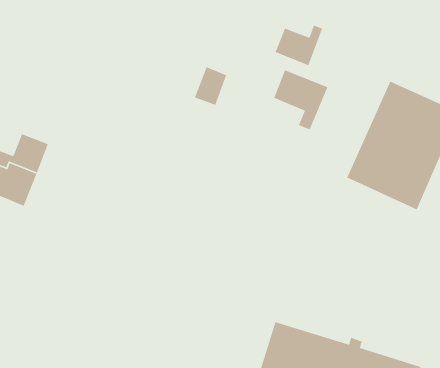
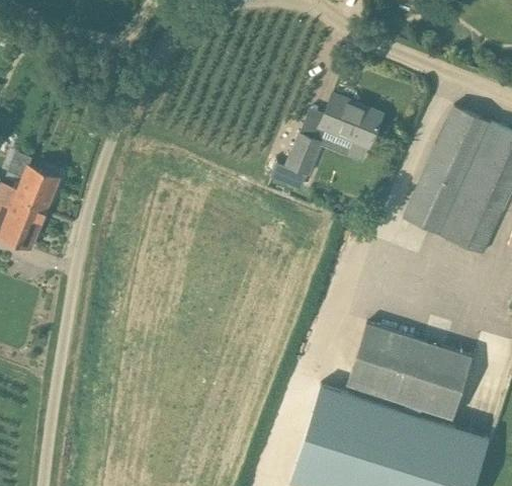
building: [274,24,323,66] -> none
building: [194,66,227,106] -> [284,135,323,180]
building: none -> [347,323,471,417]

